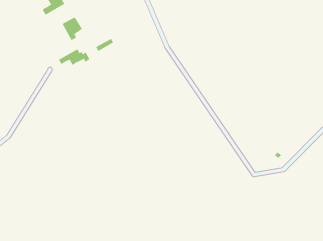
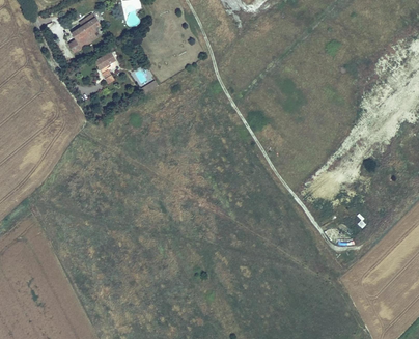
building: [58,49,90,66] -> none

